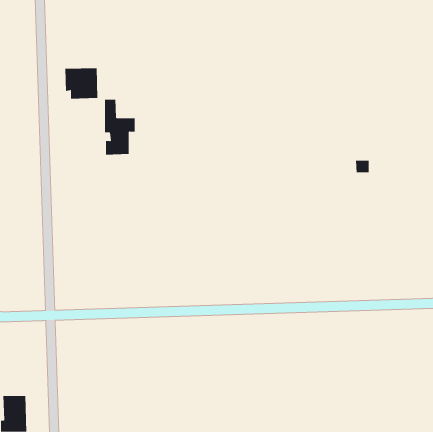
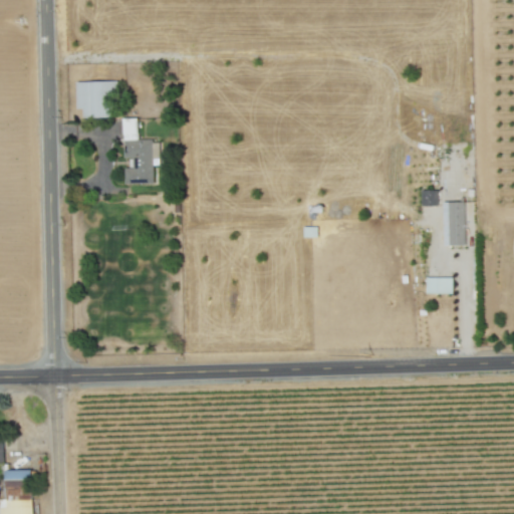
building: none -> [444,201,466,245]
building: none -> [427,276,453,293]

